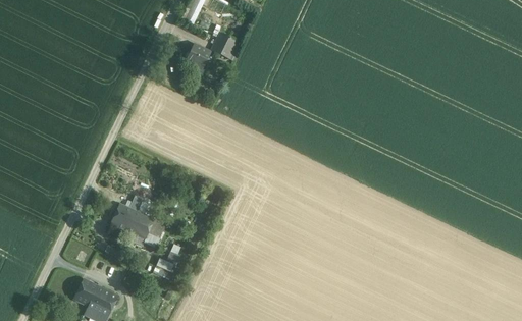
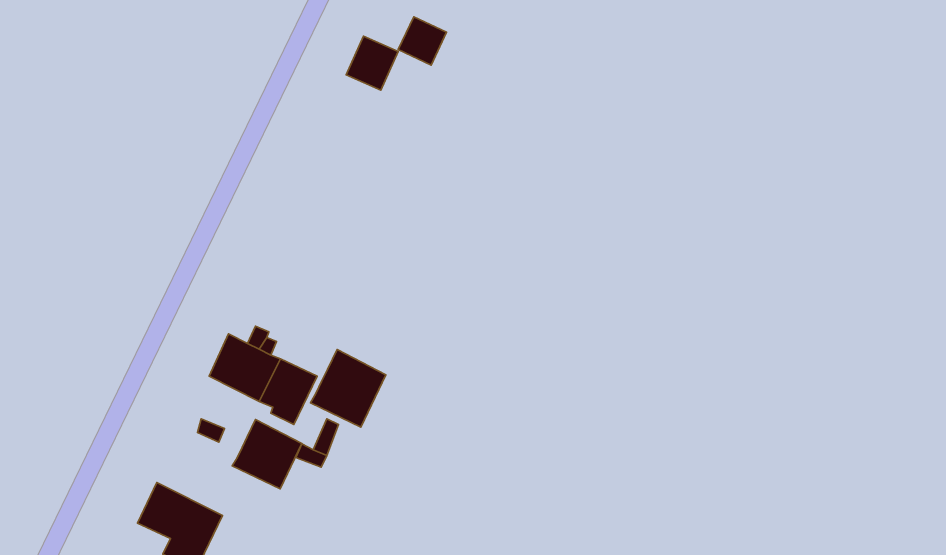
building: none -> [310,349,386,427]
building: none -> [232,419,302,489]

